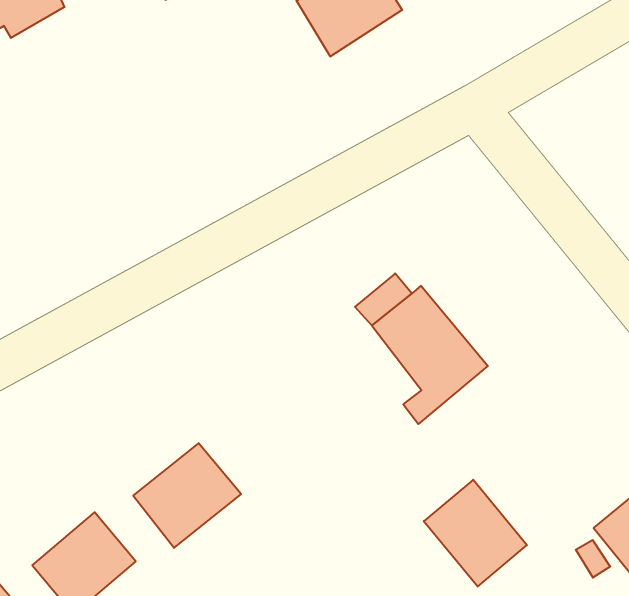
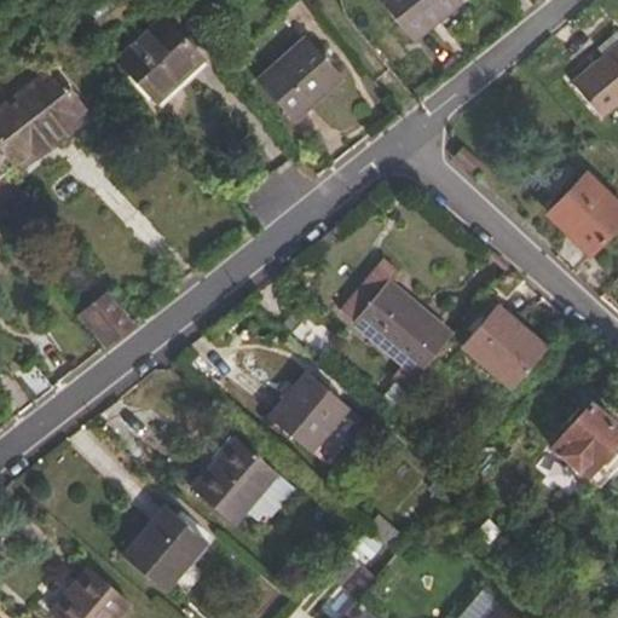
building: none -> [79,290,131,342]
building: none -> [270,377,348,456]
building: [424,480,527,587] -> [466,310,549,392]

